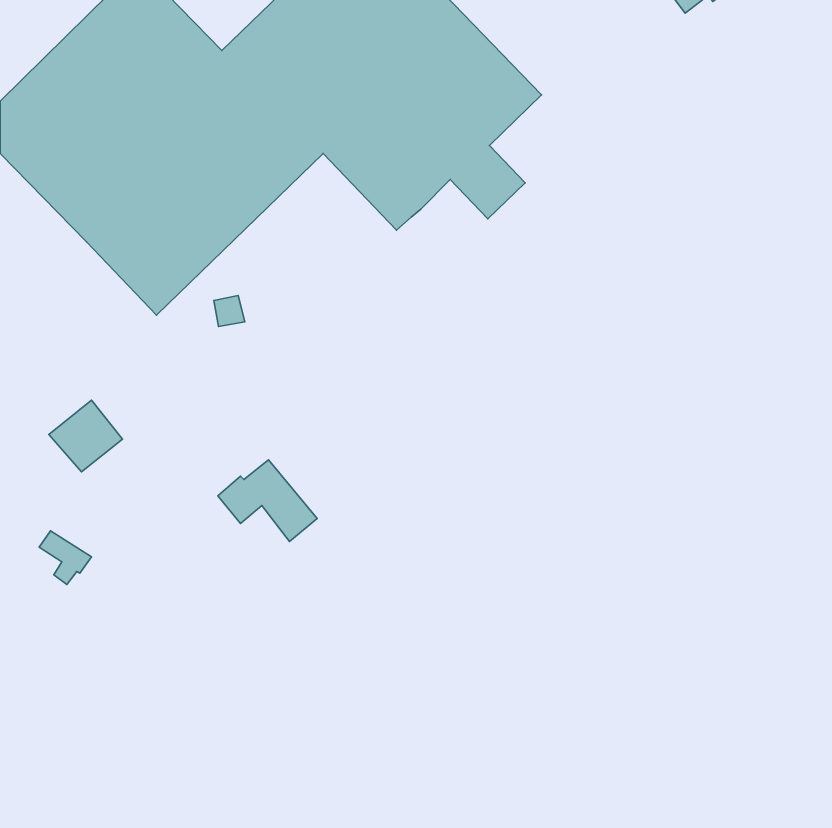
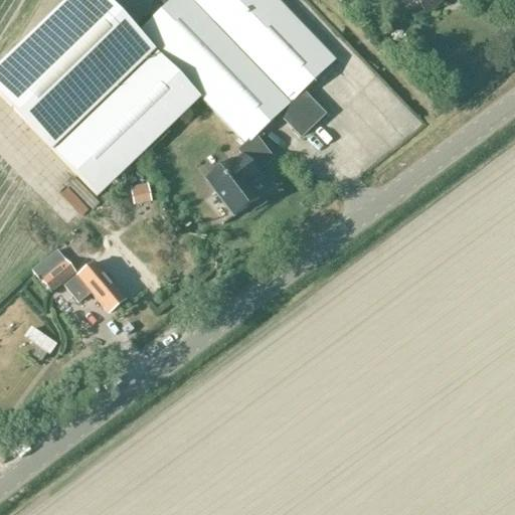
building: none -> [206,129,273,214]
building: [218,460,317,541] -> [64,262,126,312]

